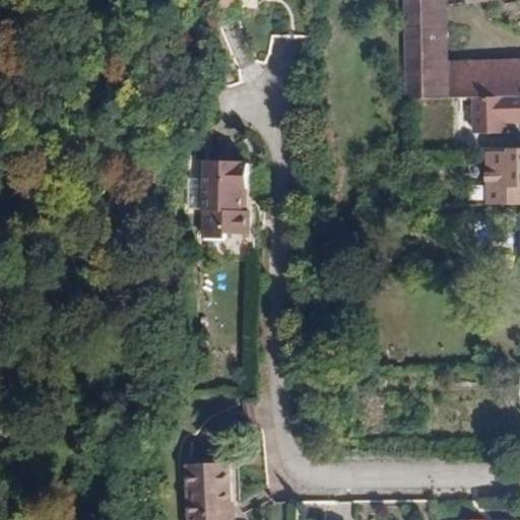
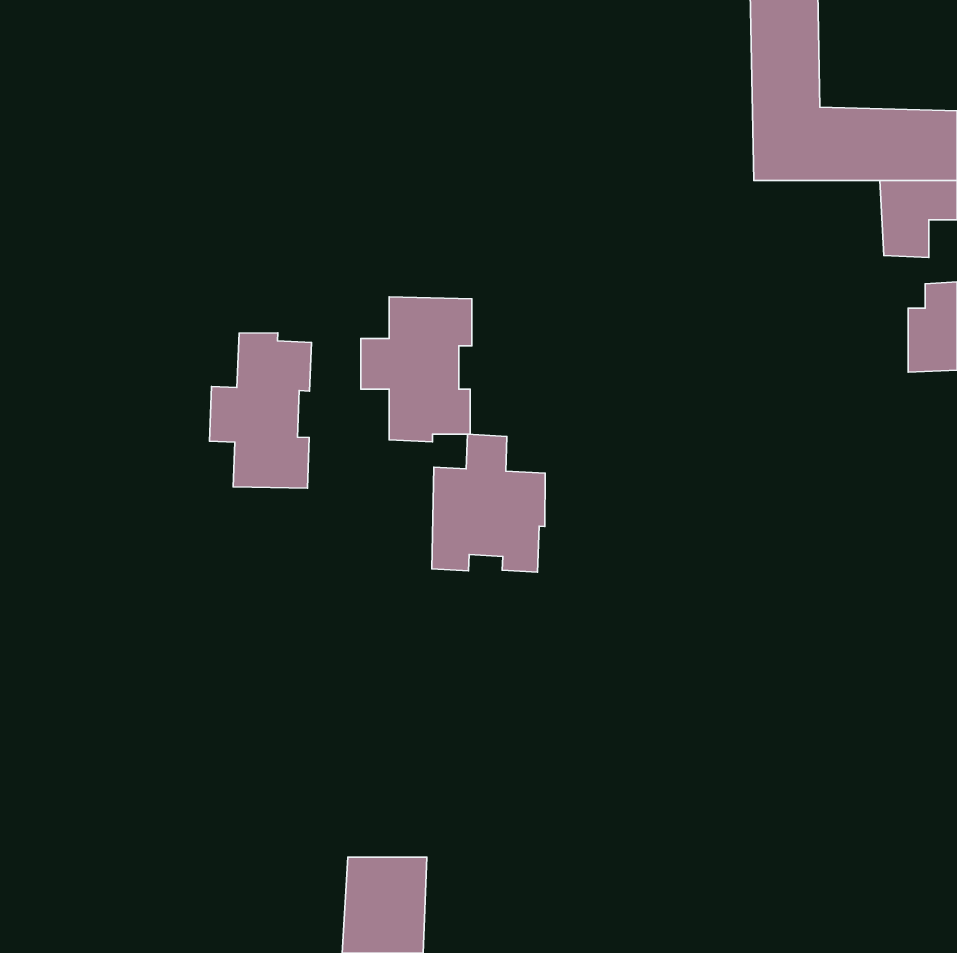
building: none -> [209,333,311,488]
building: none -> [432,434,545,572]

